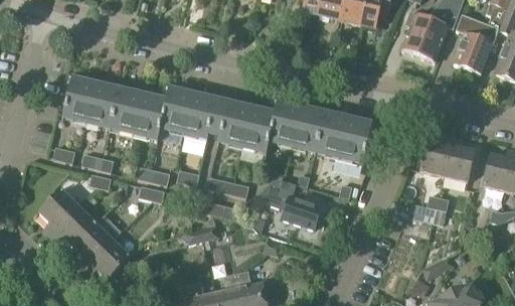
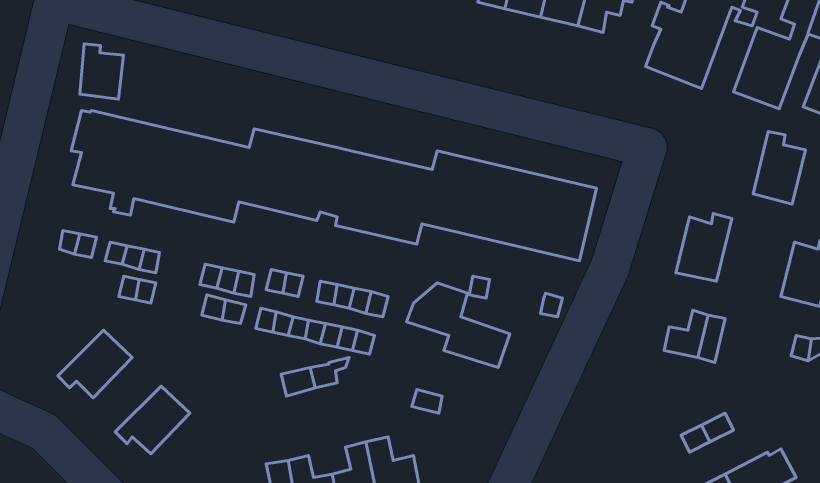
building: none -> [80,44,124,99]
building: [444,139,475,182] -> [753,131,806,204]
building: [39,188,79,233] -> none
building: [73,213,122,266] -> none

